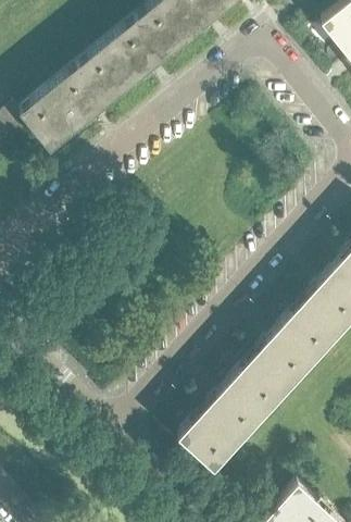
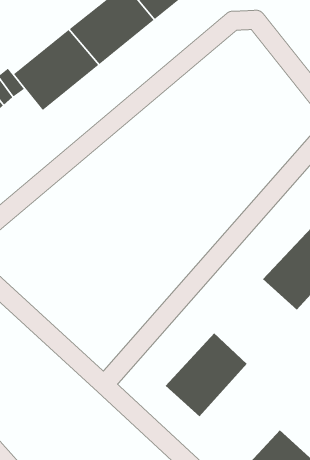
building: [227,325,313,413] -> none

